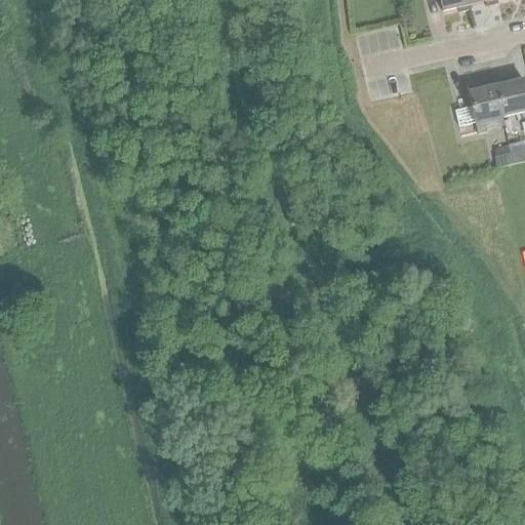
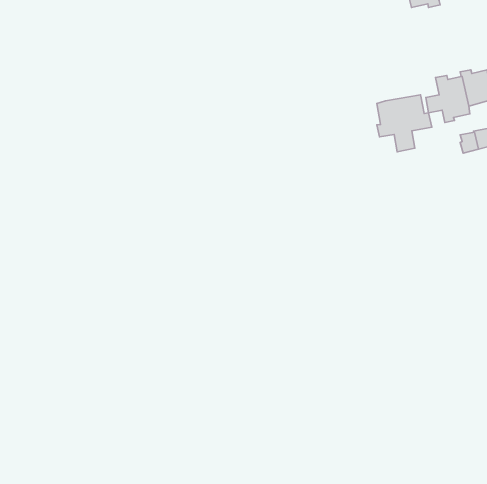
building: none -> [377,95,432,152]

